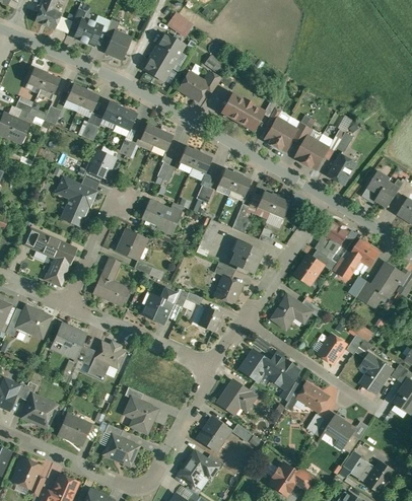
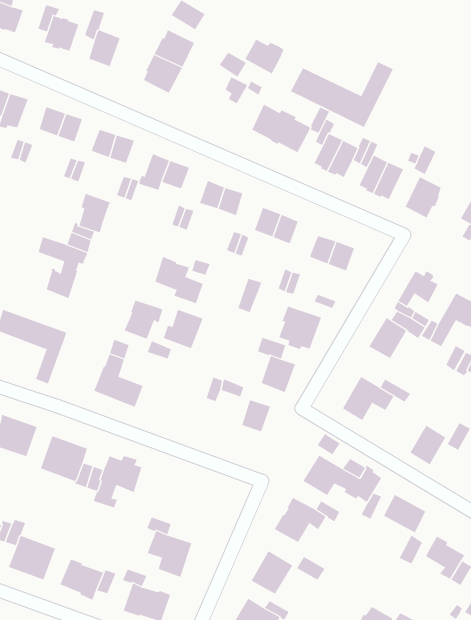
building: none -> [290,57,393,128]
building: [178,75,207,101] -> [245,39,284,74]
building: [141,294,171,324] -> [163,309,203,349]

